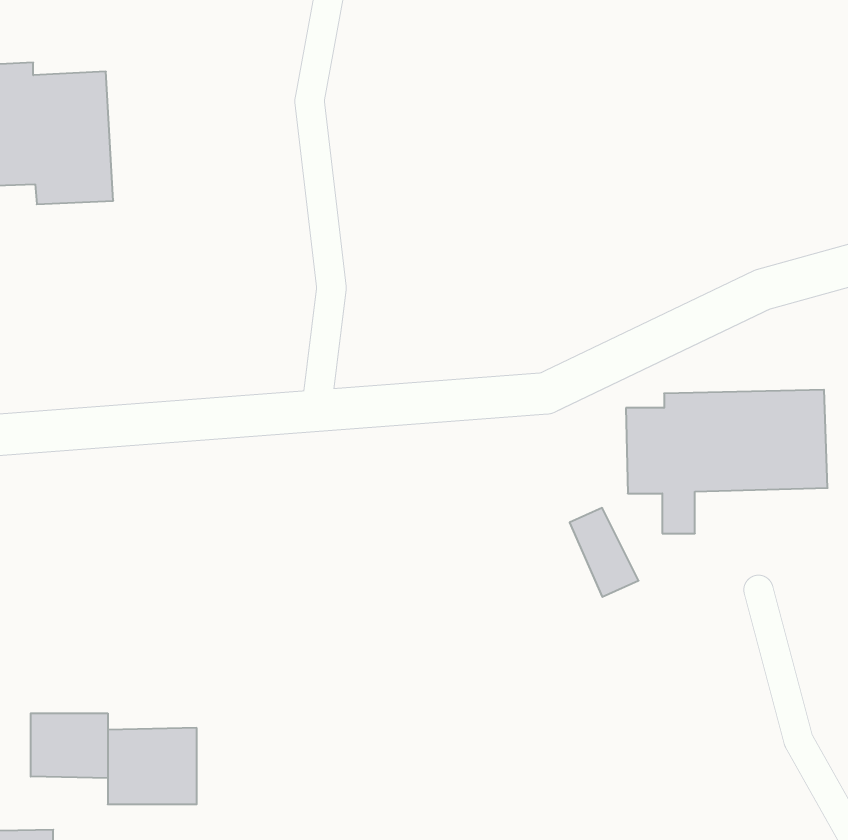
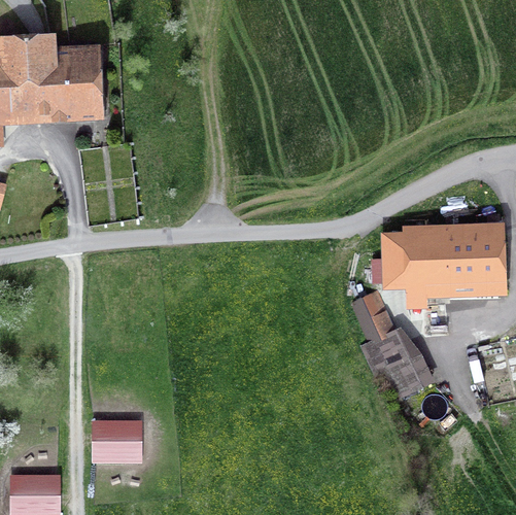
building: none -> [360,334,429,394]
building: [31,713,108,778] -> none

